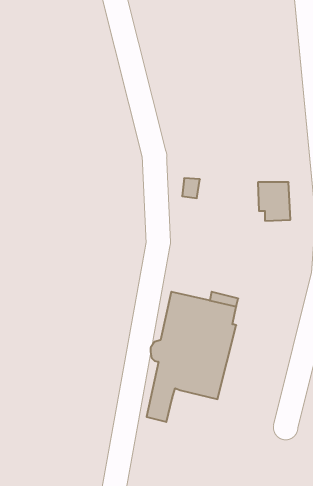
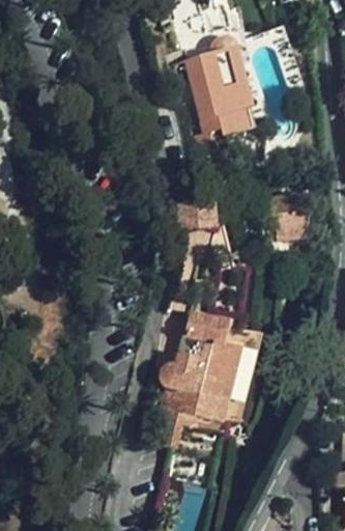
building: none -> [177,38,253,153]

